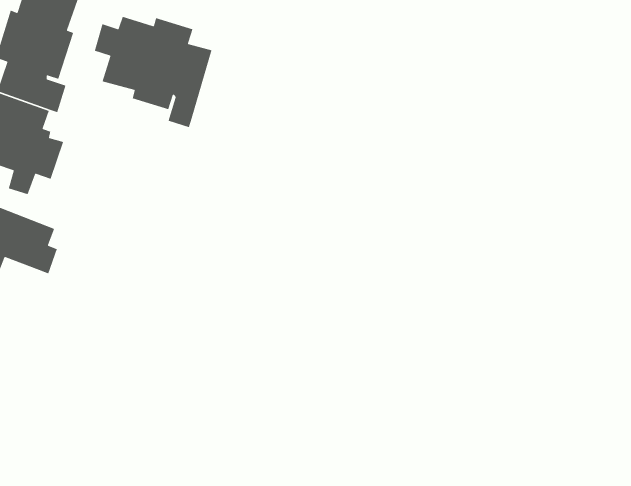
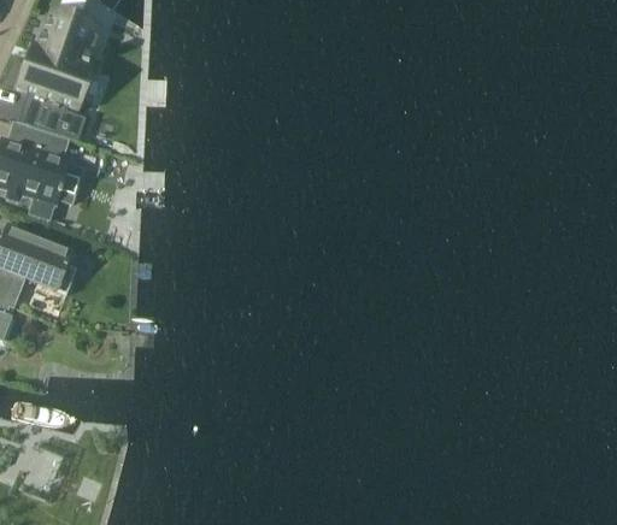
building: [94,16,212,128] -> none

